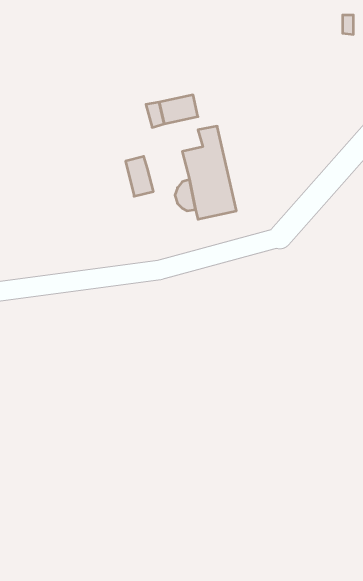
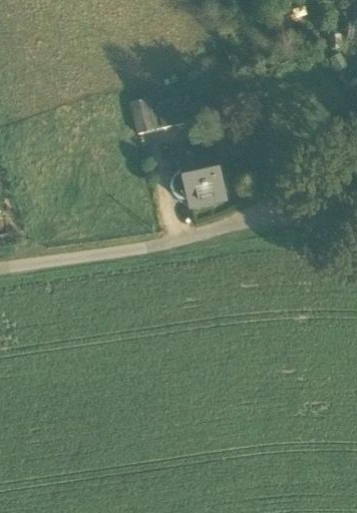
building: [126,156,153,196] -> [130,100,153,133]

